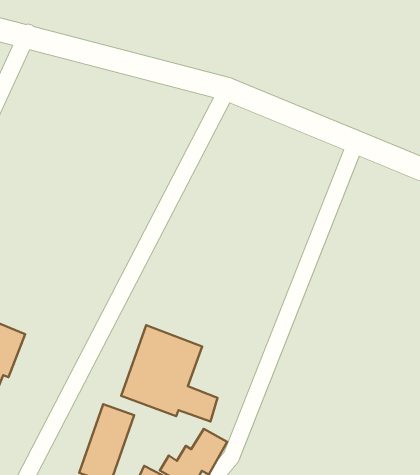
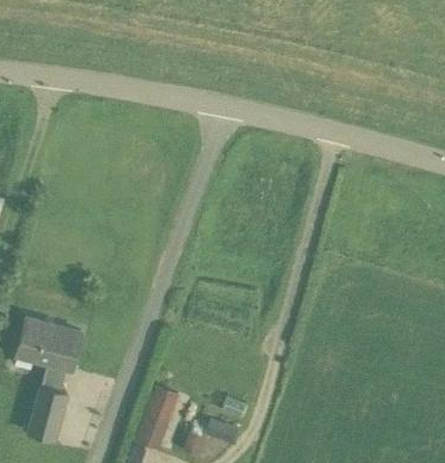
building: [121,325,218,422] -> none

